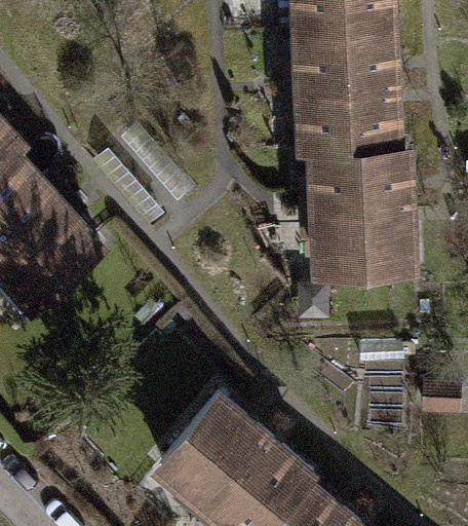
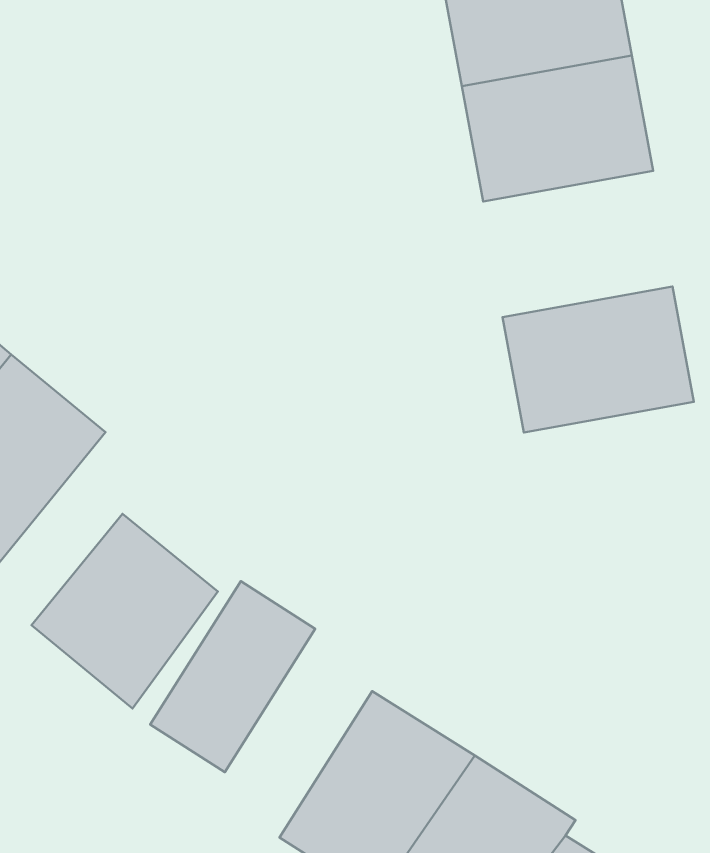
building: [306,144,397,209] -> none
building: none -> [32,514,218,708]
building: none -> [150,581,315,772]

